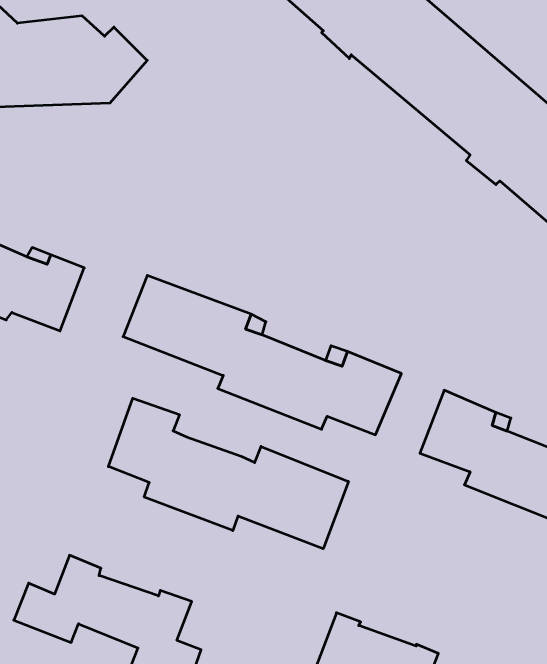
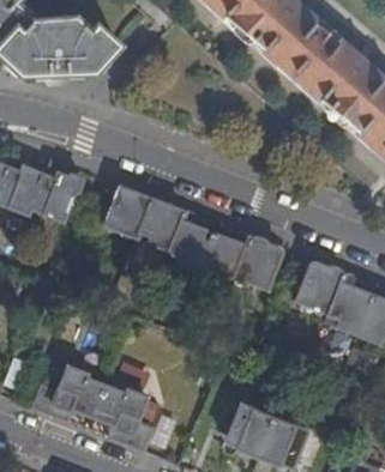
building: [108,398,348,549] -> none

